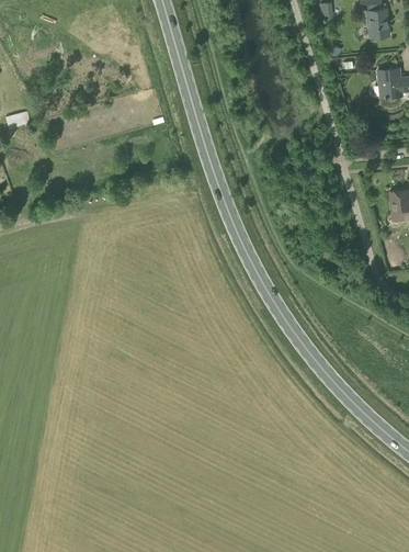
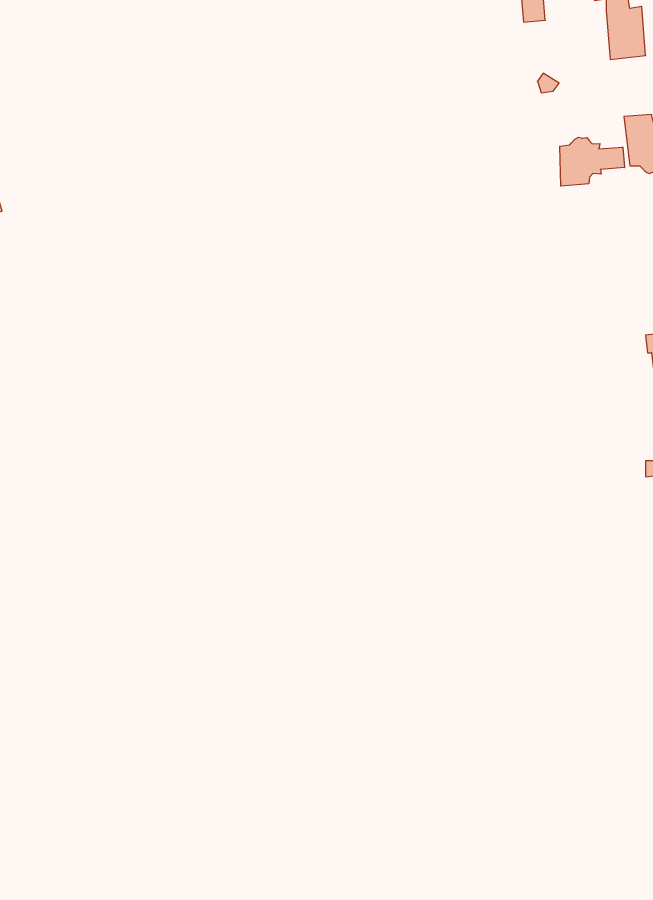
building: none -> [560,137,624,186]

